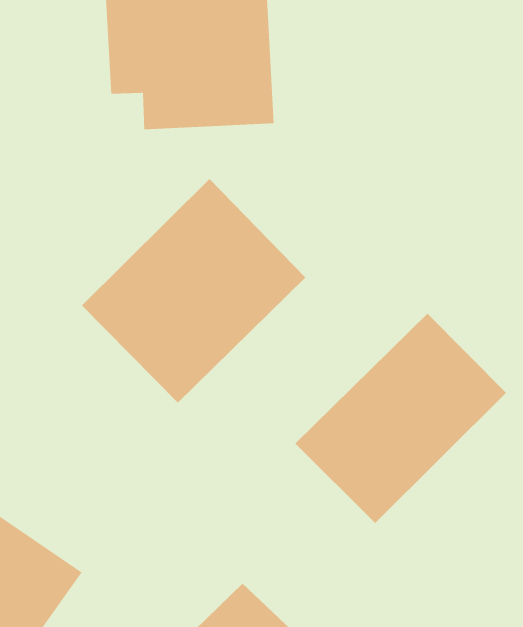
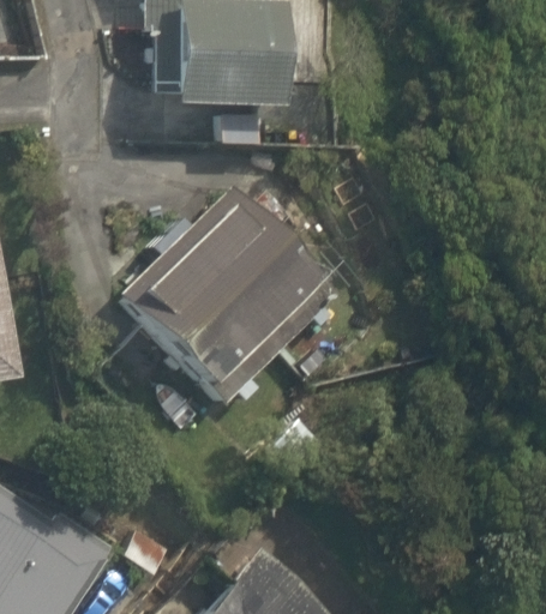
building: [295,313,507,524] -> none

